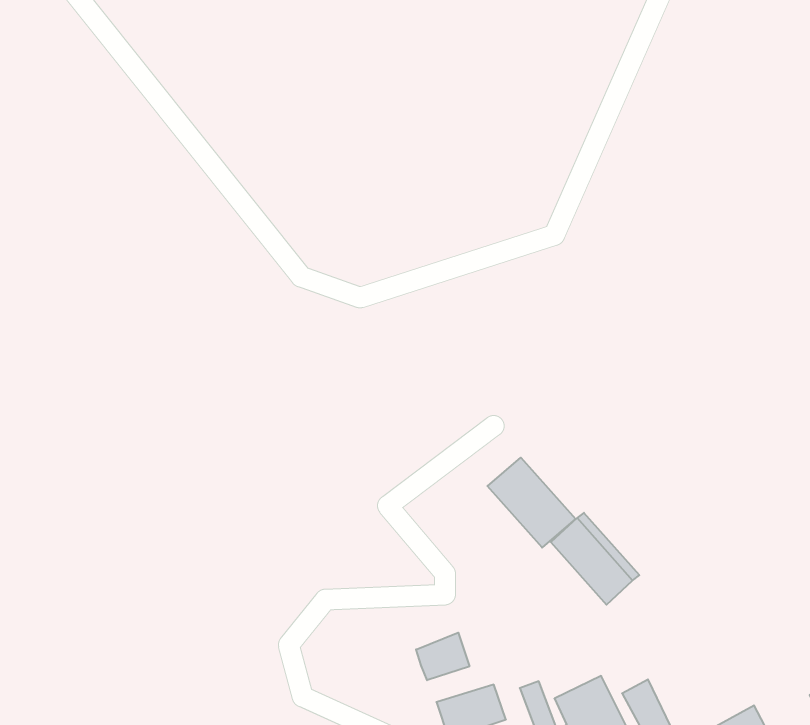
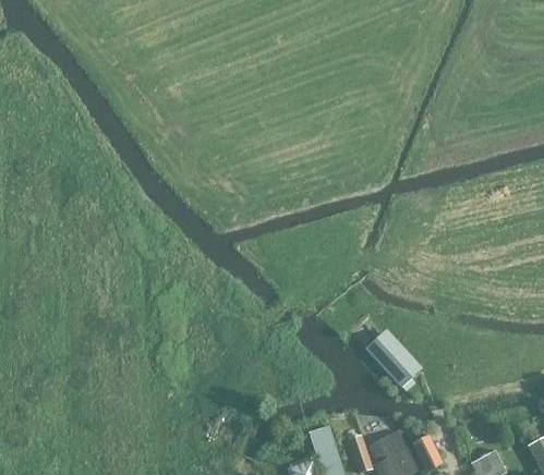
building: [487,458,576,548] -> none
building: [416,633,469,680] -> none

